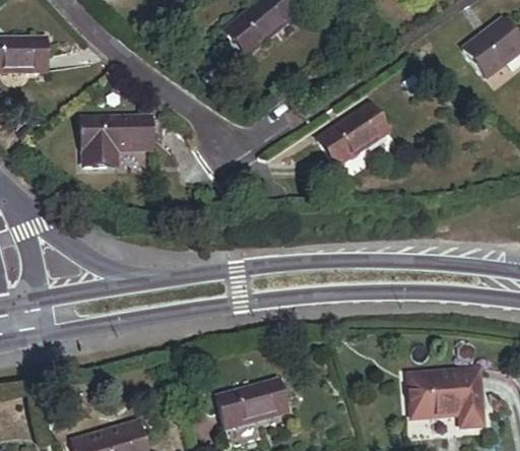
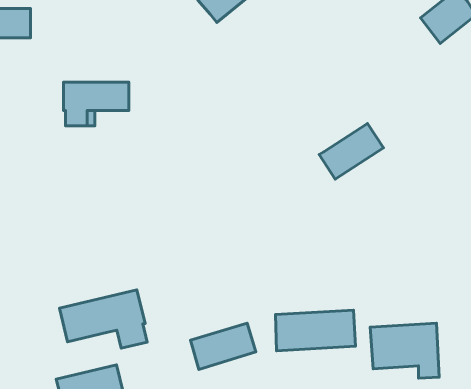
building: [318,104,387,164] -> [319,123,384,179]
building: none -> [59,290,147,348]
building: none -> [275,310,356,351]

